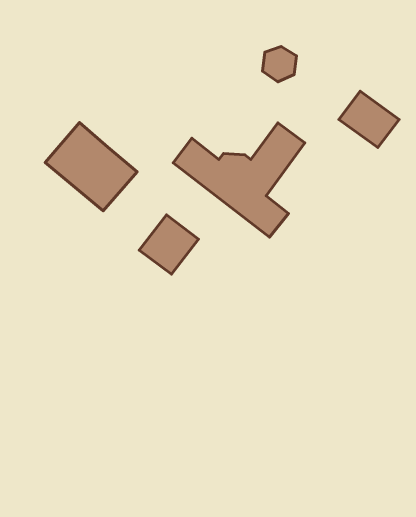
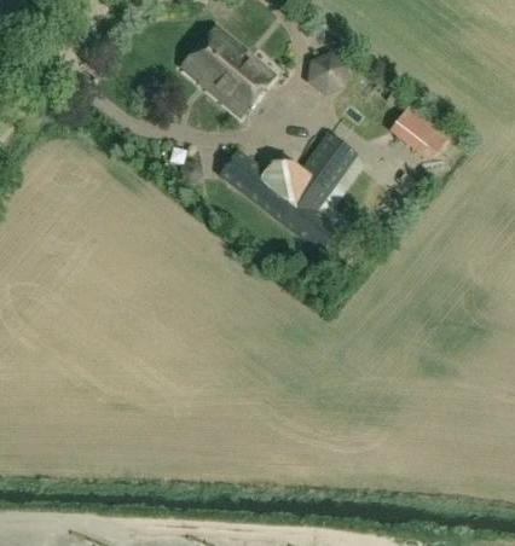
building: [45,122,137,211] -> [180,24,274,115]
building: [139,215,199,274] -> none

